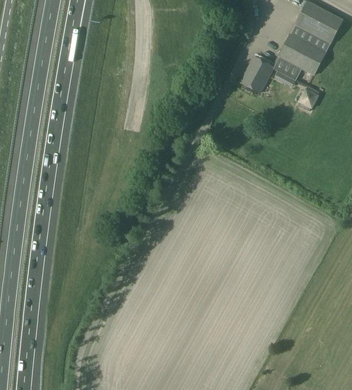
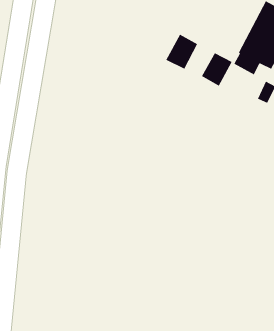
building: none -> [165,34,198,70]

